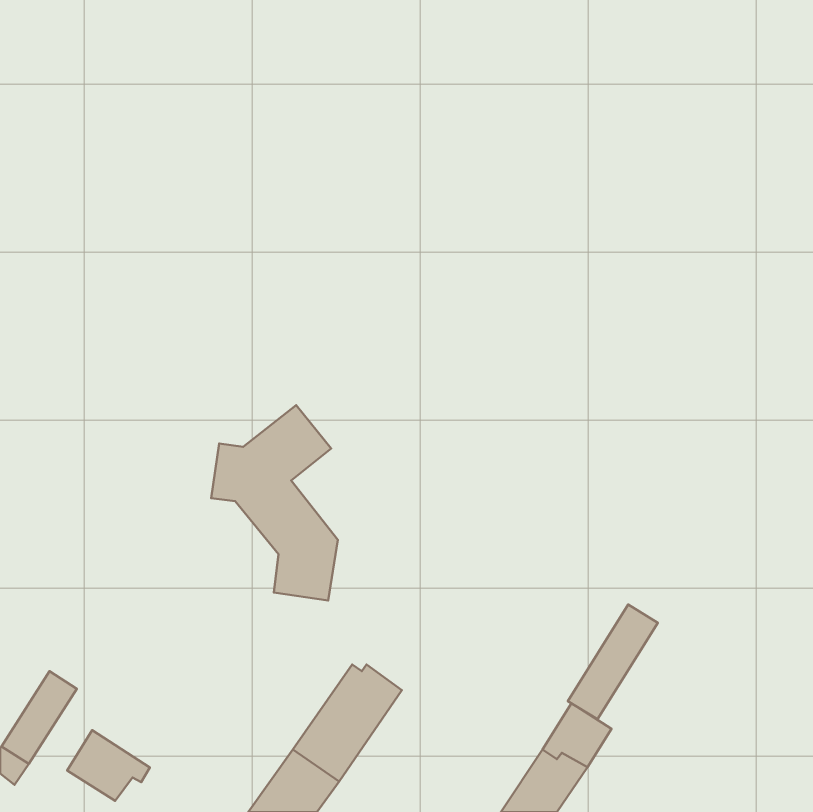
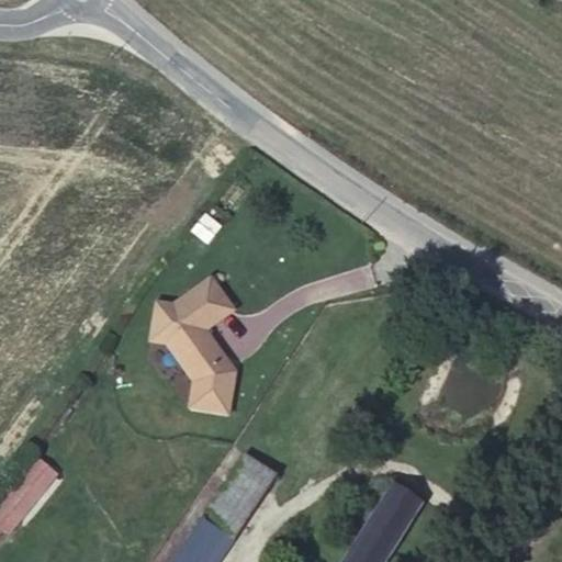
building: [568,605,658,719] -> none
building: [67,730,150,801] -> none

